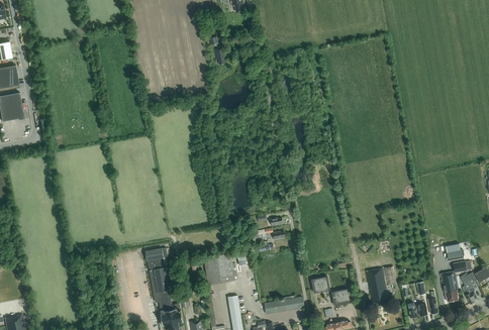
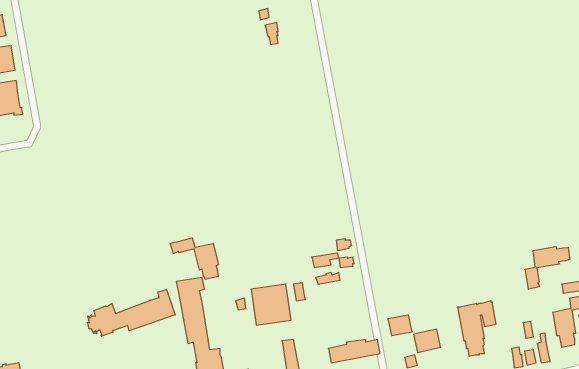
building: none -> [170,238,219,279]
building: none -> [525,247,570,289]
building: none -> [87,289,175,336]

